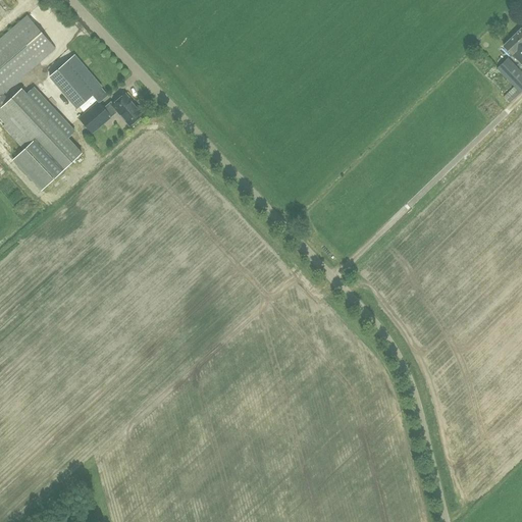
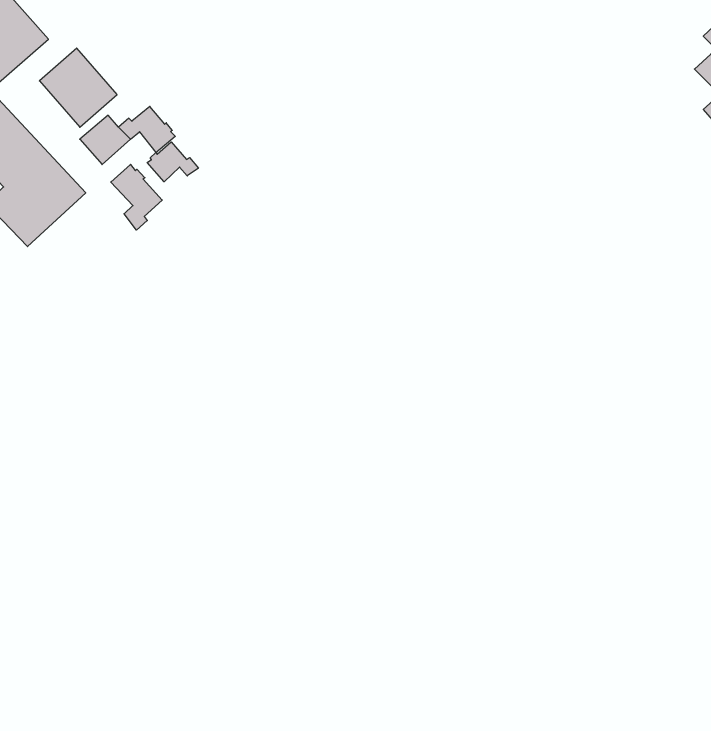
building: none -> [147,142,198,182]
building: none -> [111,164,162,230]

